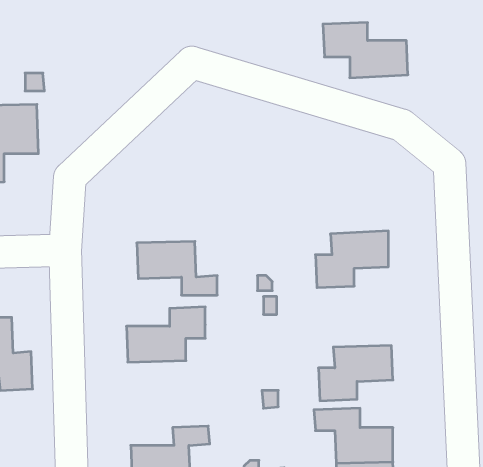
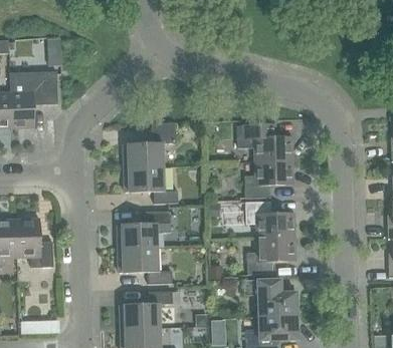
building: [323,23,408,78] -> [236,124,293,161]
building: none -> [123,121,176,167]
building: none -> [245,201,296,238]
building: none -> [118,247,172,283]

